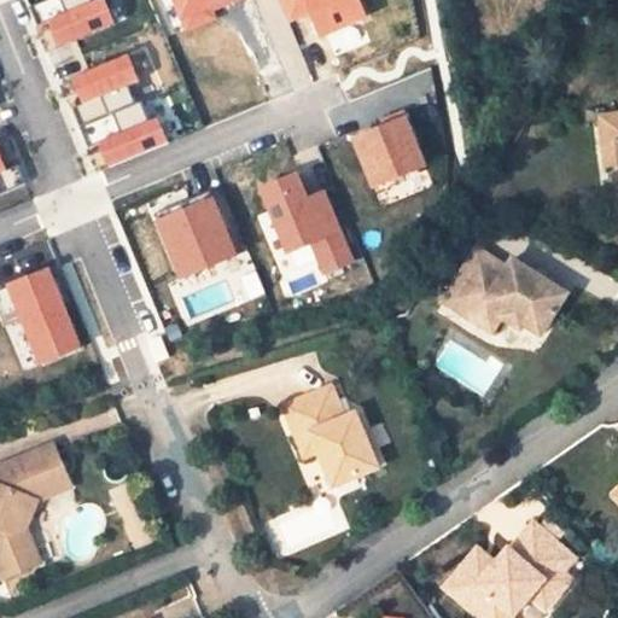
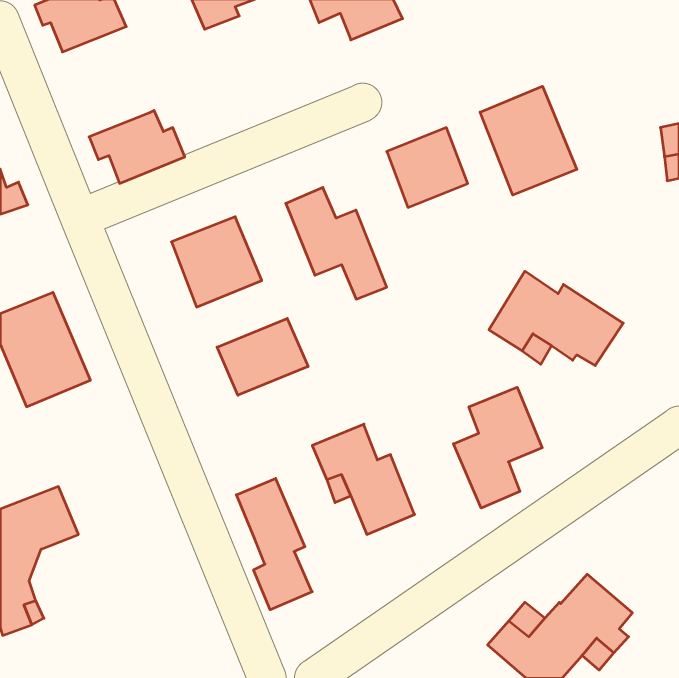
building: [70,52,139,124] -> none
building: none -> [480,86,577,195]
building: none -> [217,318,308,395]
building: none -> [453,387,542,508]
building: none -> [236,478,312,610]

